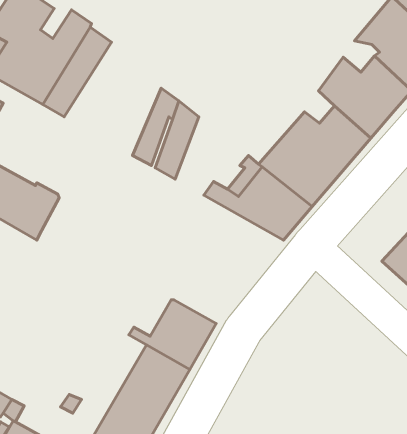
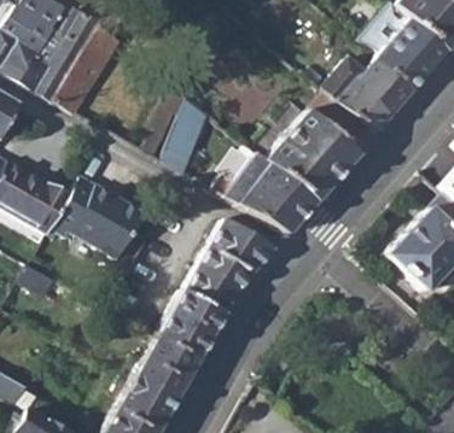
building: none -> [53,175,146,258]
building: none -> [184,218,278,315]

